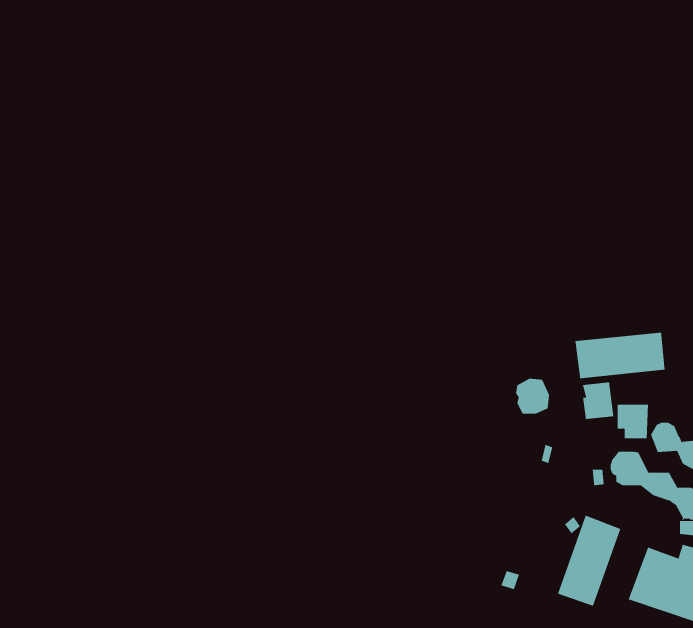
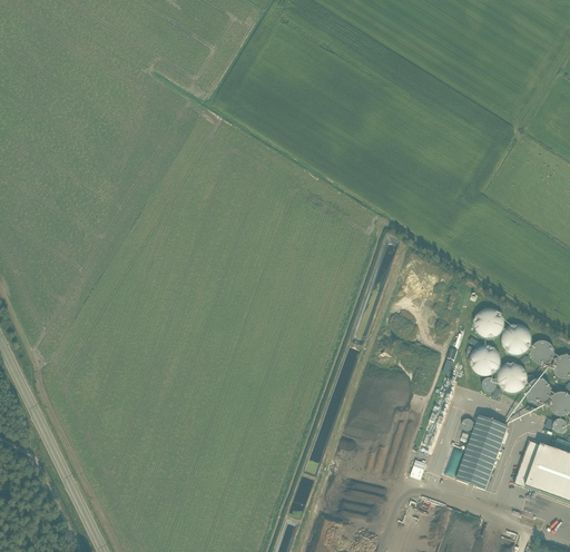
building: [575,332,665,379] -> none
building: [515,378,550,414] -> [472,345,500,374]

